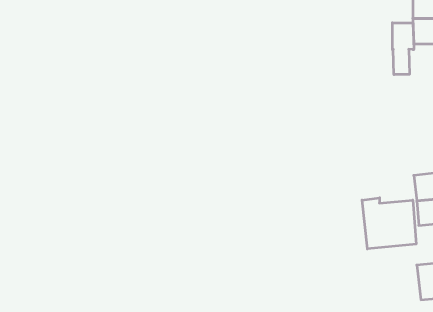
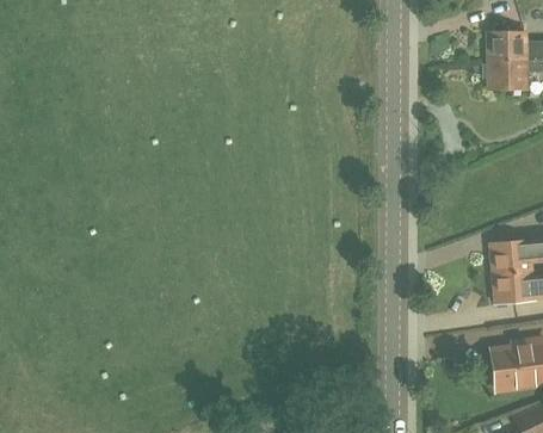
building: [392,23,414,75] -> none
building: [362,198,416,249] -> none

